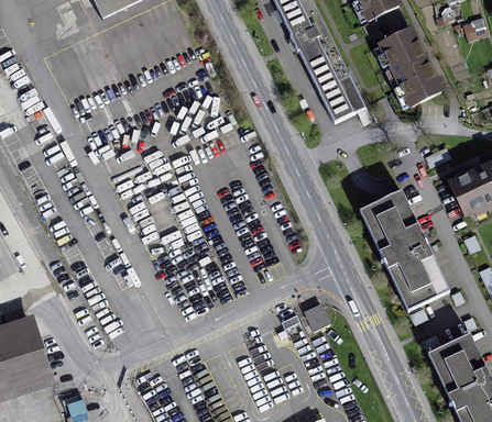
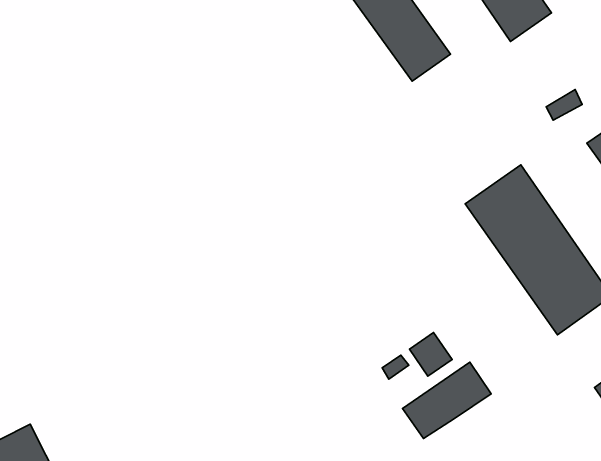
building: none -> [403,362,491,439]

